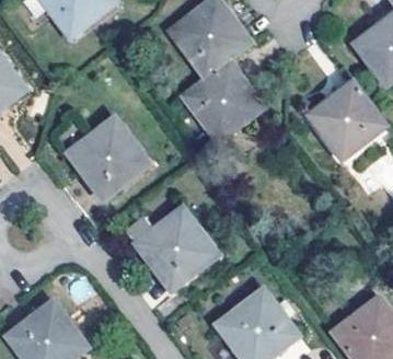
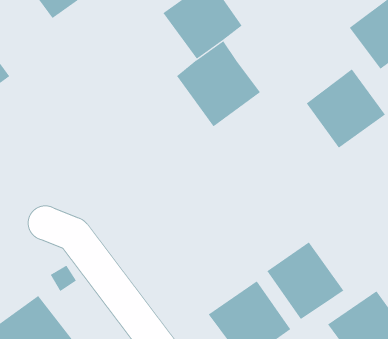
building: [67,118,148,198] -> none
building: [134,206,215,287] -> none
building: none -> [267,242,344,320]

